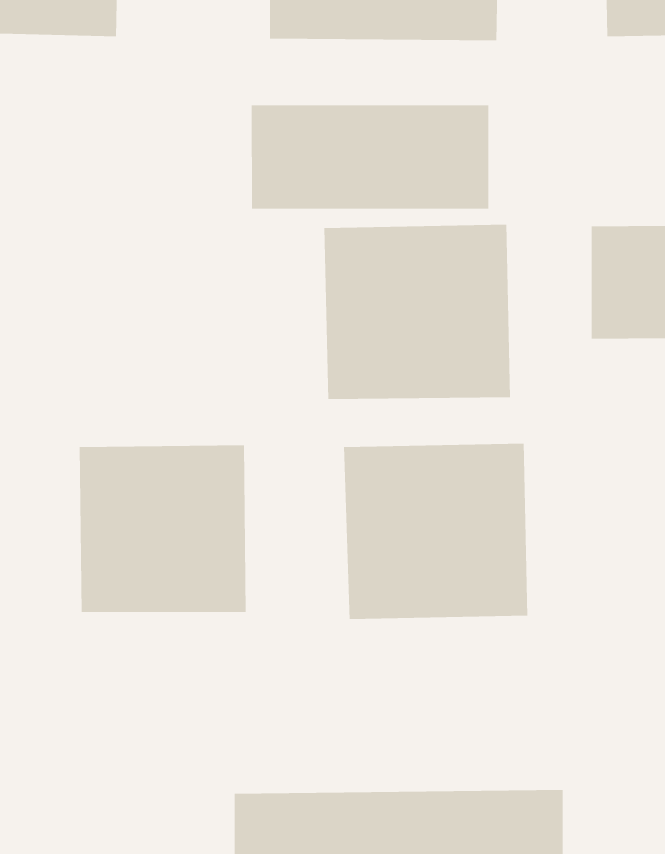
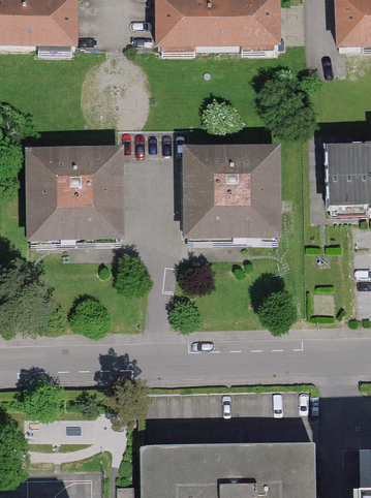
building: [251,104,489,210] -> none
building: [343,443,528,620] -> none
building: [79,445,247,612] -> [28,149,117,238]

